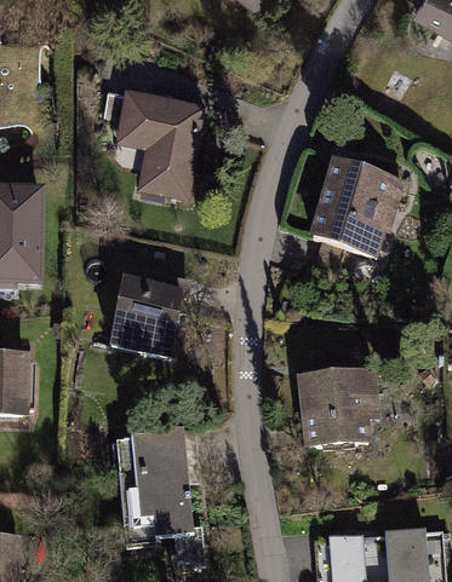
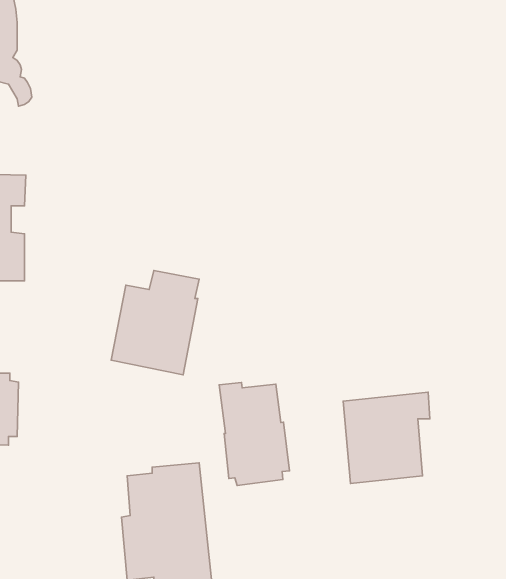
building: [99,91,202,196] -> none
building: [313,161,401,272] -> none
building: none -> [219,382,290,486]

